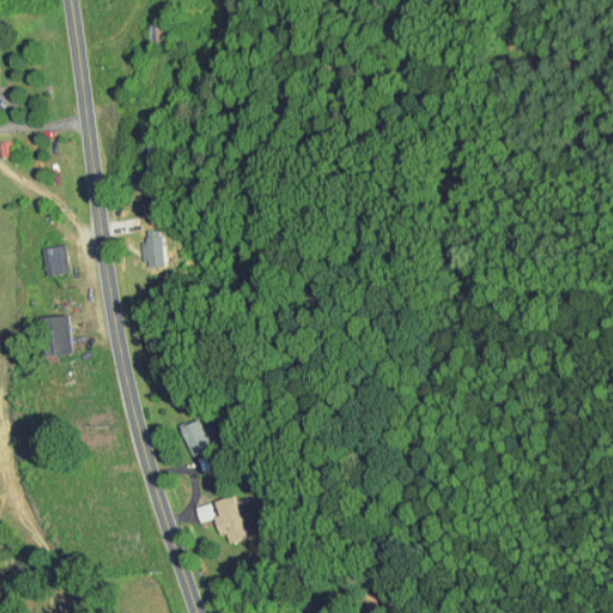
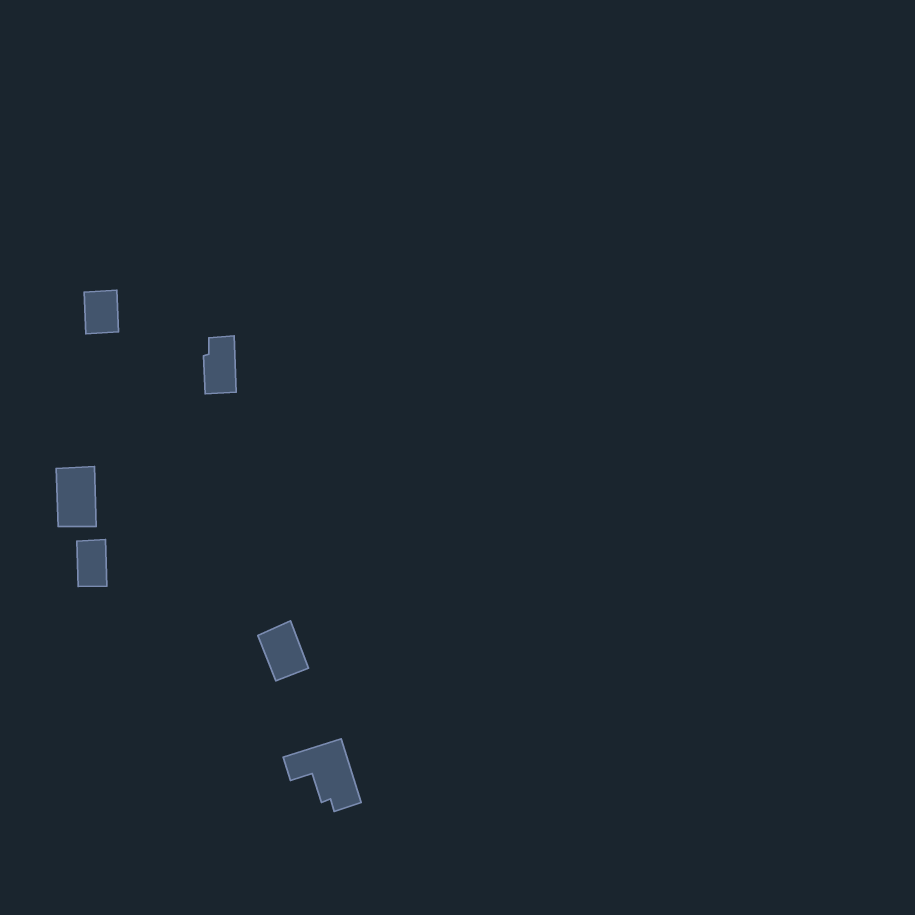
building: [43,247,66,275] -> [84,290,119,334]
building: none -> [77,539,107,586]

